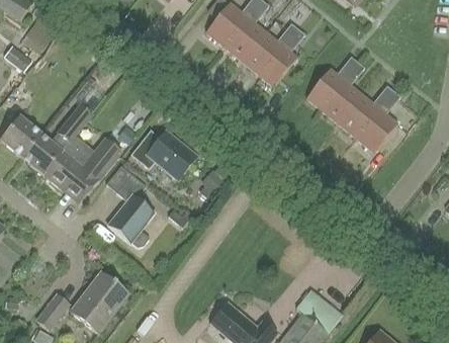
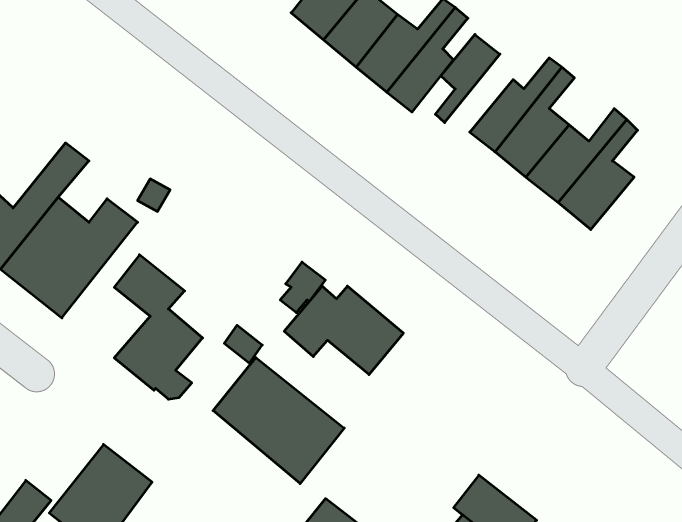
building: none -> [435,34,500,123]
building: [129,130,196,179] -> [284,286,403,375]
building: none -> [213,358,344,484]

